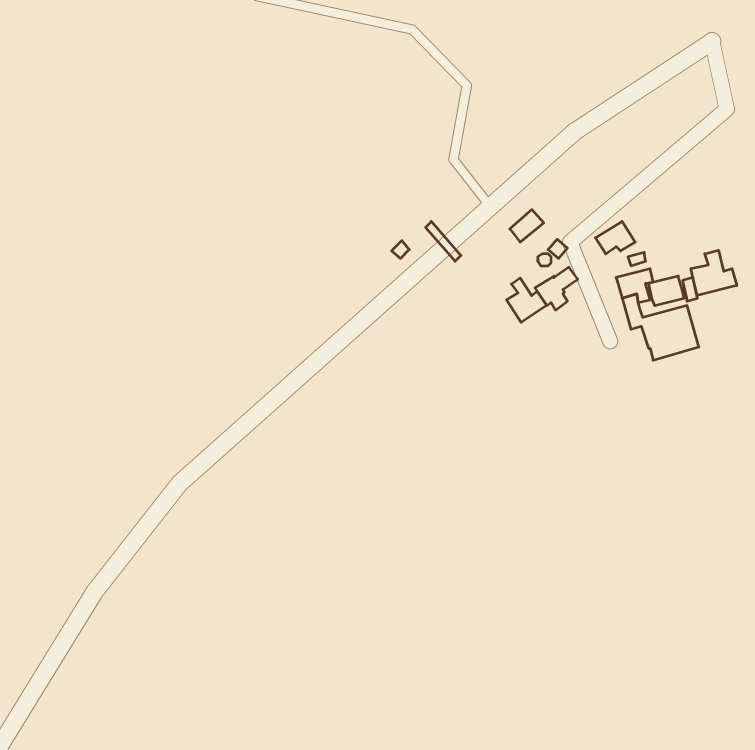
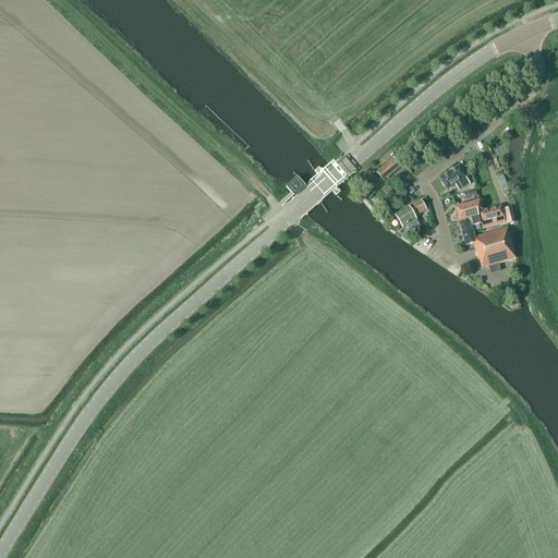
building: [691,250,737,295] -> none
building: [507,278,547,322] -> none

